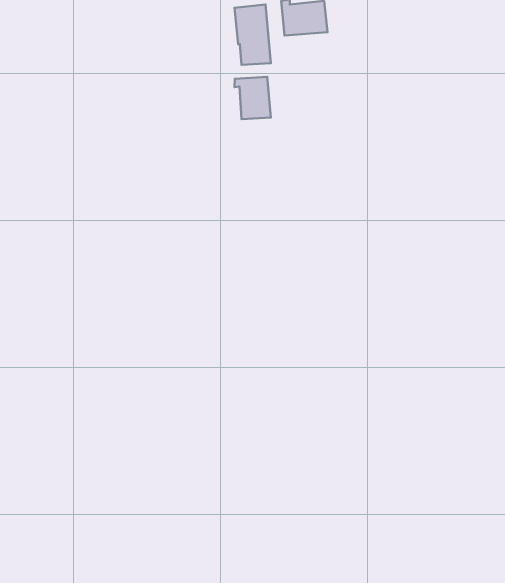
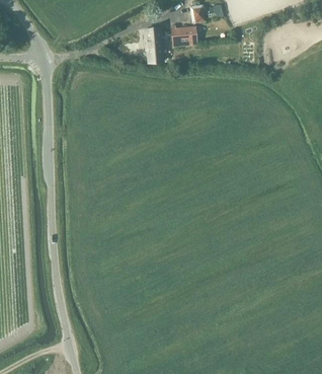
building: [235,77,271,119] -> none

